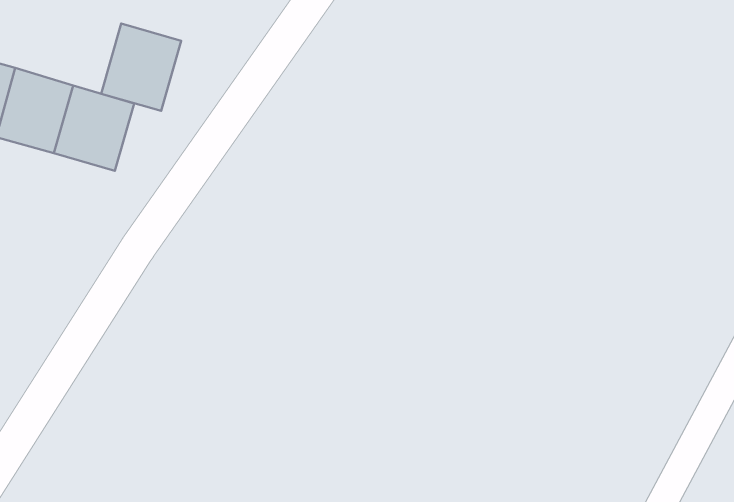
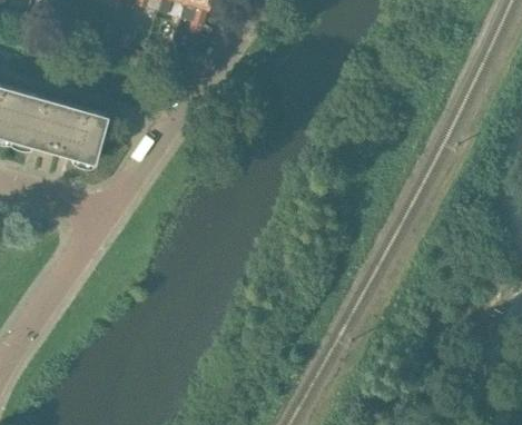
building: [101,24,181,111] -> none

